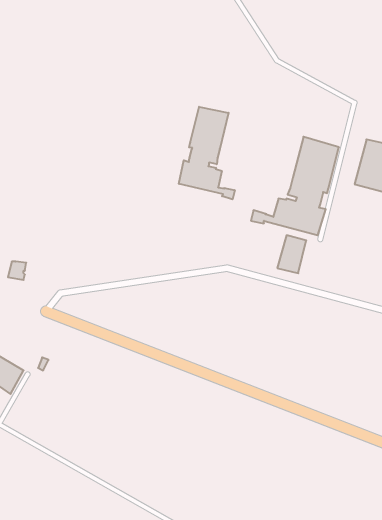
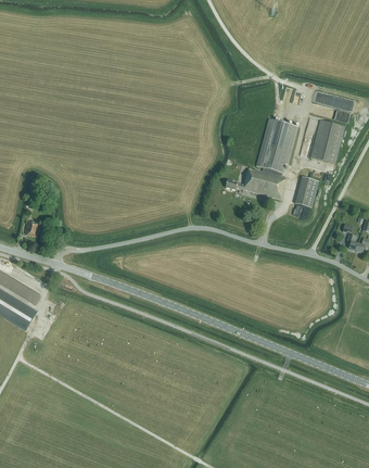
building: [179,107,235,199] -> none
building: [277,235,306,273] -> [294,176,318,207]

